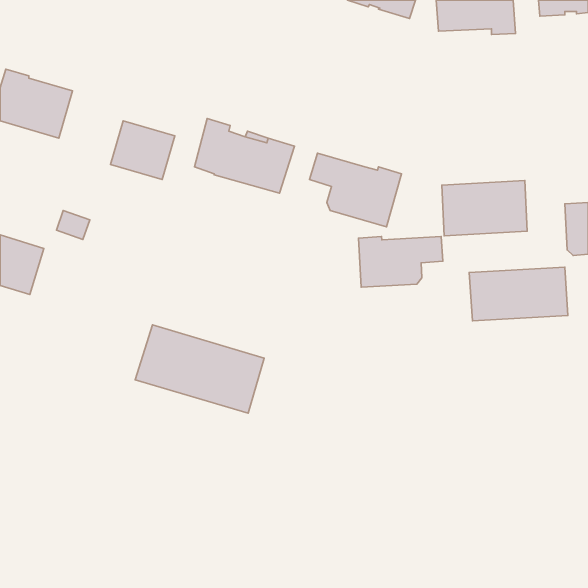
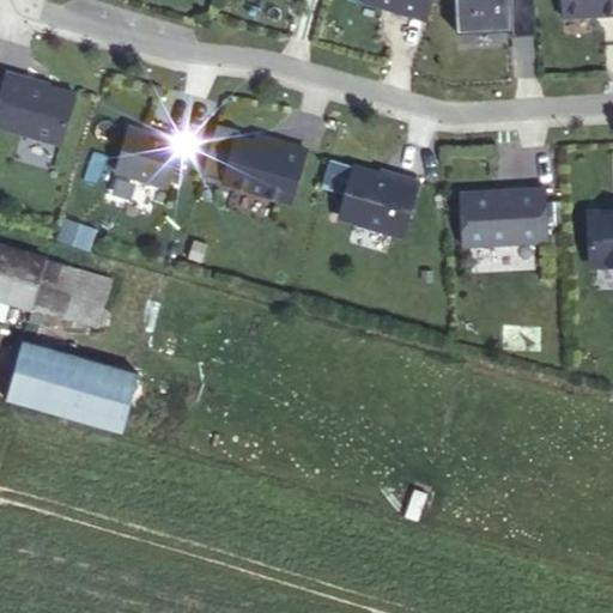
building: [358,236,443,287] -> none
building: none -> [31,259,110,326]
building: [469,267,568,321] -> none
building: [135,325,264,413] -> [5,339,139,431]

